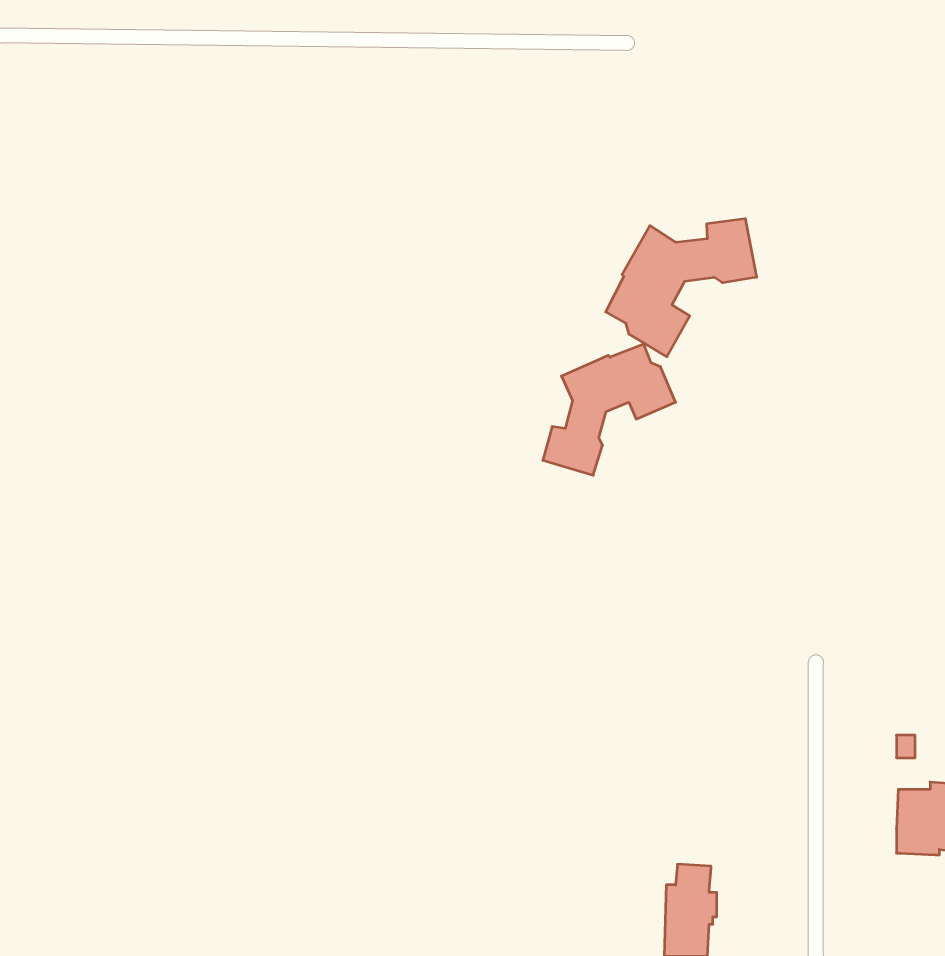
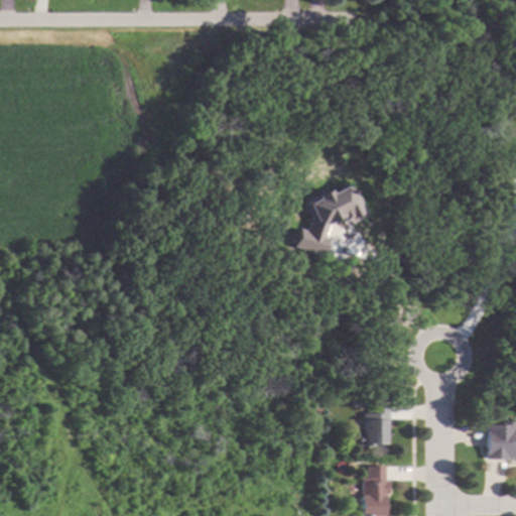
building: [606,219,757,357] -> none
building: none -> [362,404,392,445]

